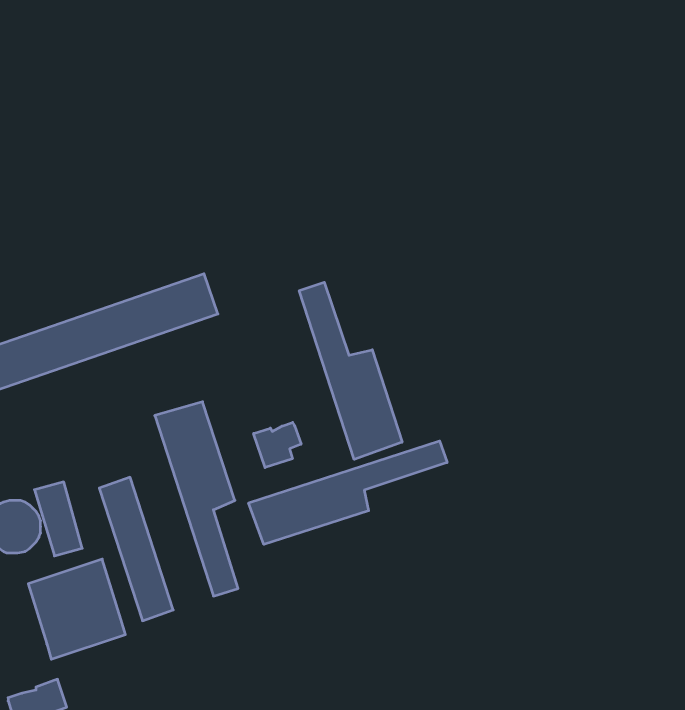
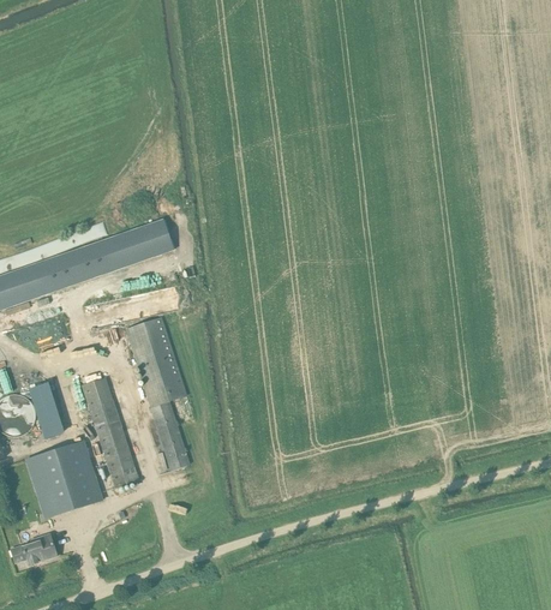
building: [299,282,402,459] -> none
building: [254,422,301,468] -> none
building: [249,441,447,544] -> none

